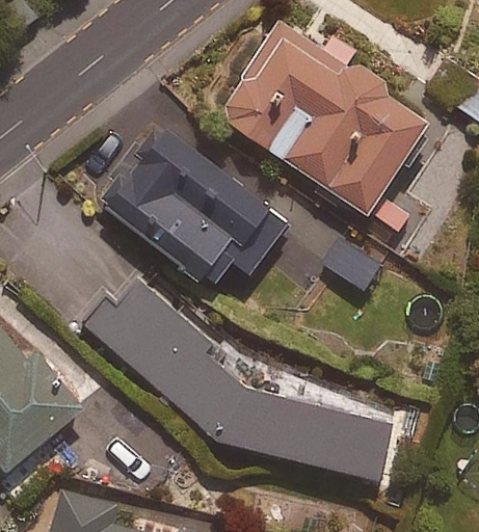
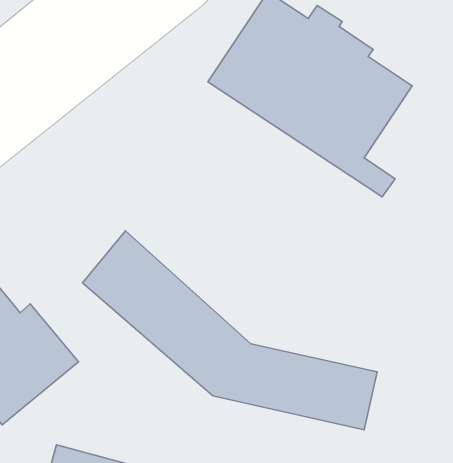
building: [105,123,290,287] -> none

